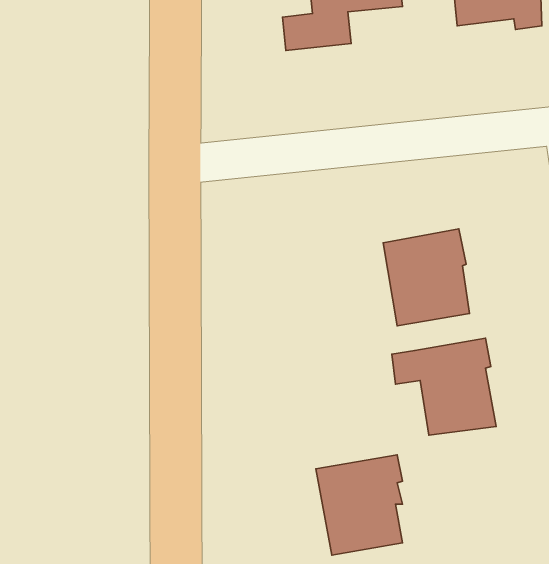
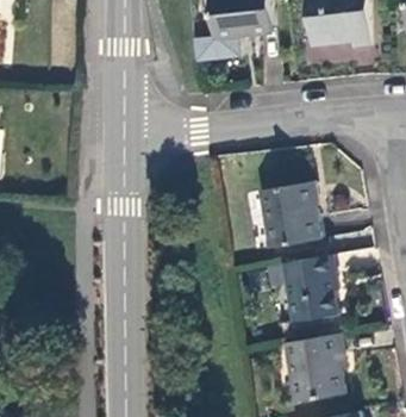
building: [316,455,402,555] -> [286,332,344,400]

